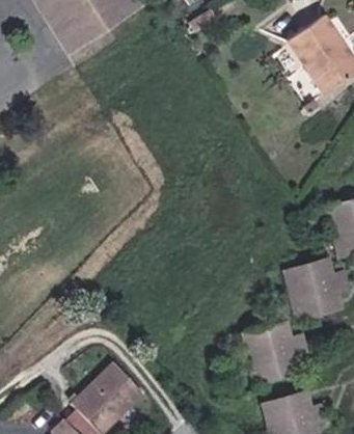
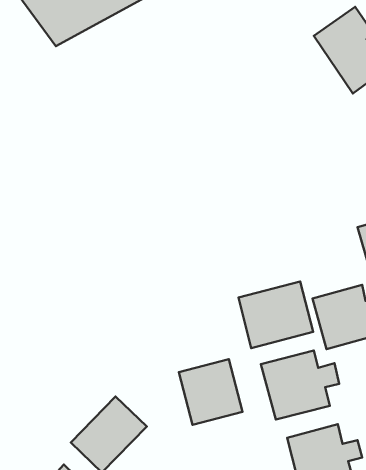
building: none -> [238,281,313,348]
building: none -> [179,359,242,425]

